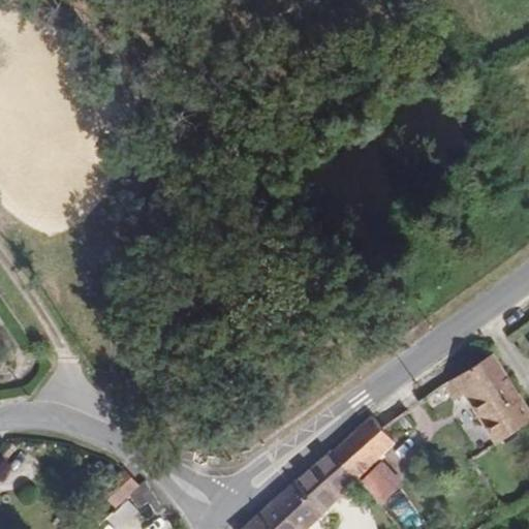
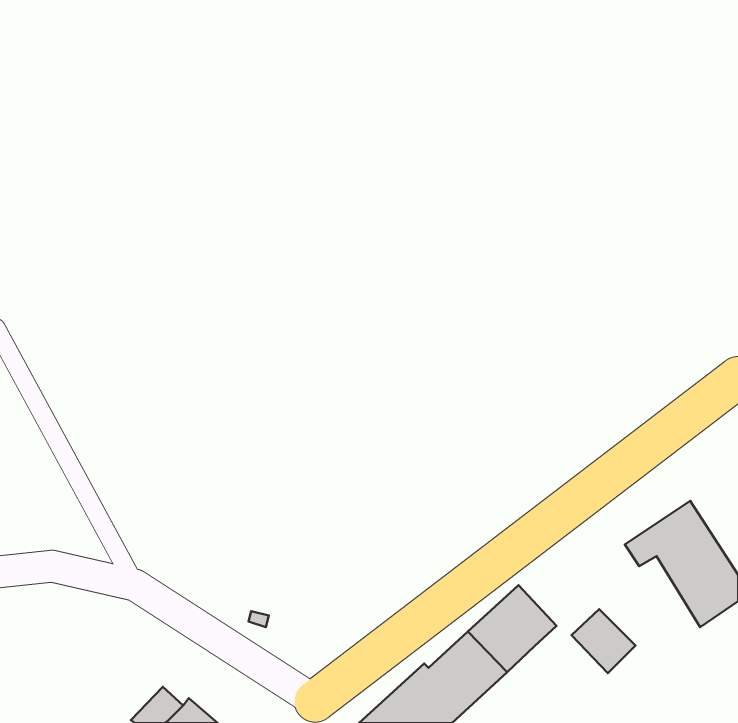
building: [361,460,406,505] -> [572,609,636,673]

